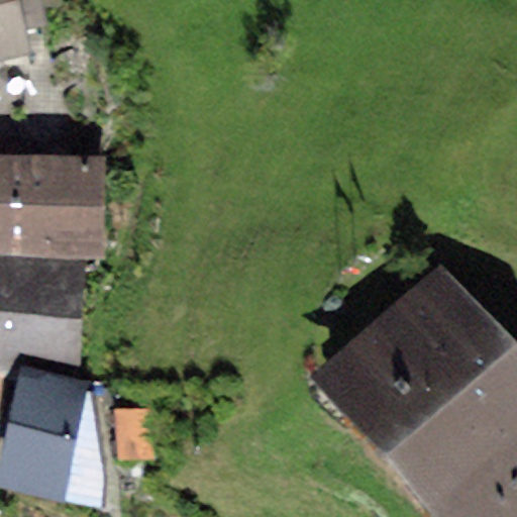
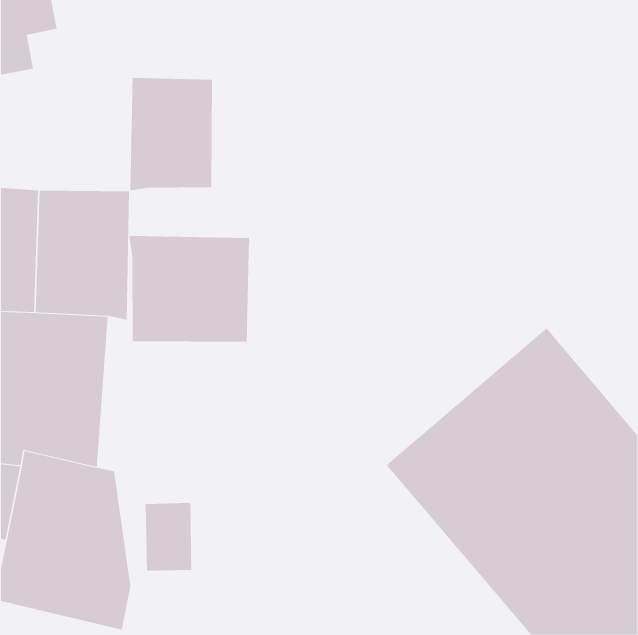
building: none -> [130,77,213,191]
building: none -> [129,235,250,342]

